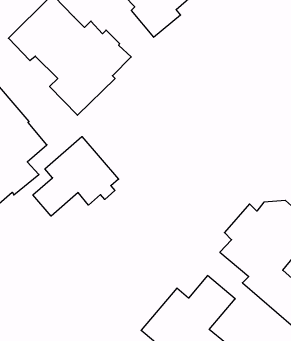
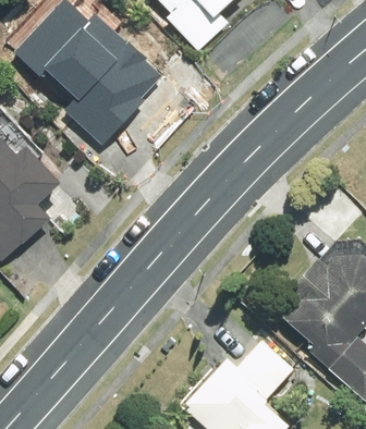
building: [33,137,119,216] -> none

